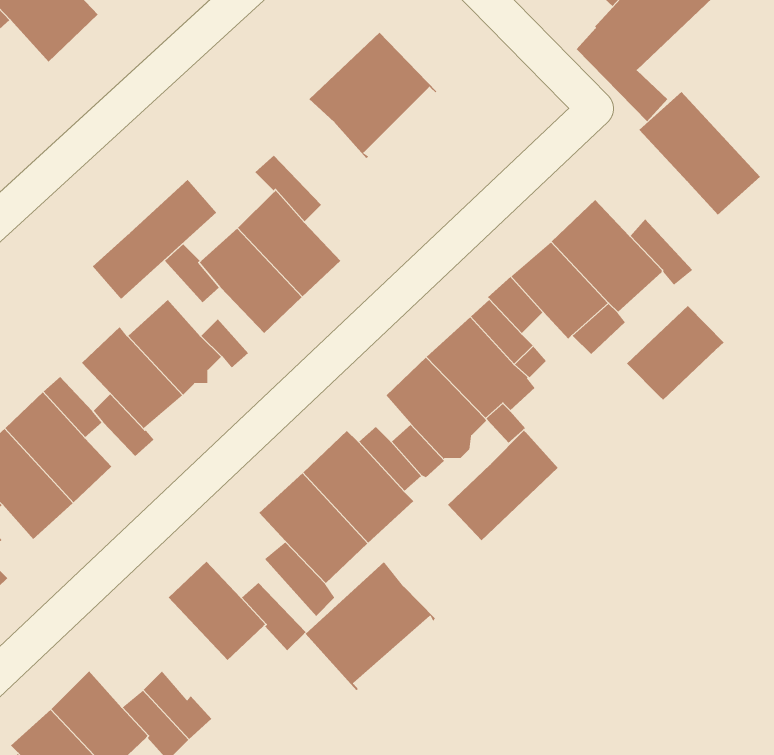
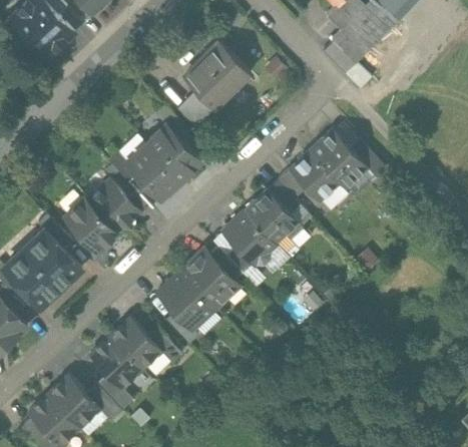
building: [638,91,761,216] -> none
building: none -> [177,89,213,127]
building: [92,179,217,300] -> none
building: [626,305,724,401] -> none
building: [447,429,558,541] -> none
building: [305,561,436,691] -> none
building: none -> [90,337,141,390]

